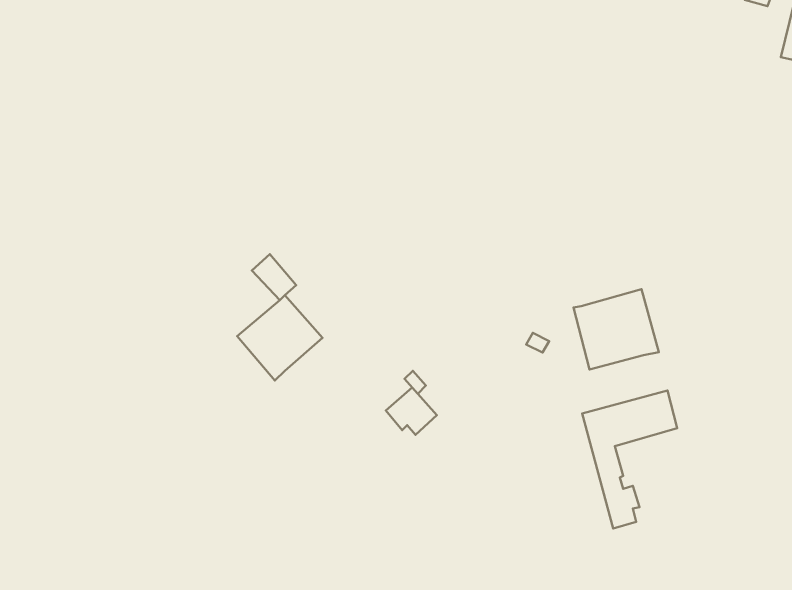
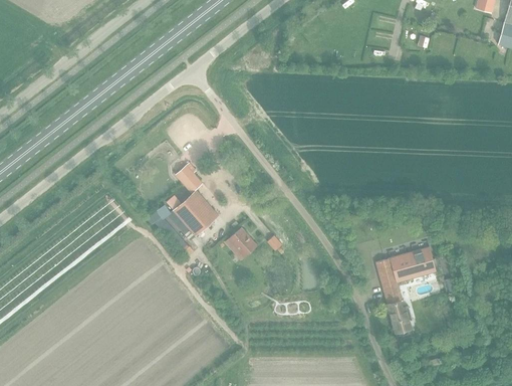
building: [574,289,659,369] -> none
building: [386,387,437,435] -> [225,227,256,256]

